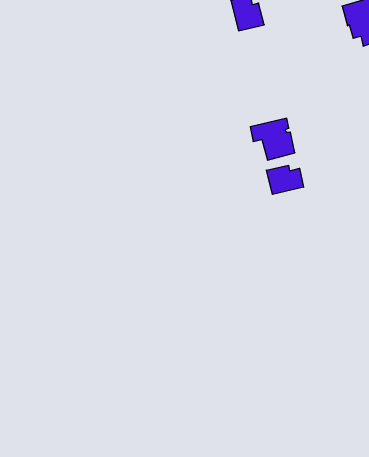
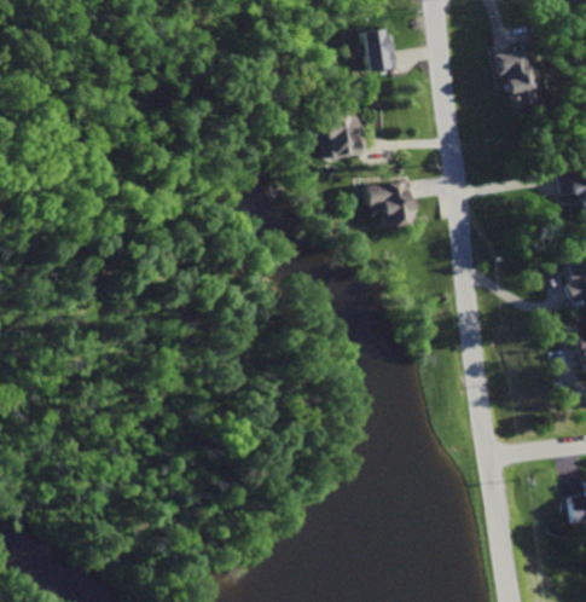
building: none -> [329,108,369,160]
building: [266,165,304,194] -> none

